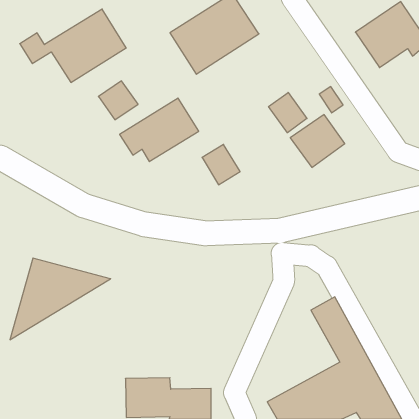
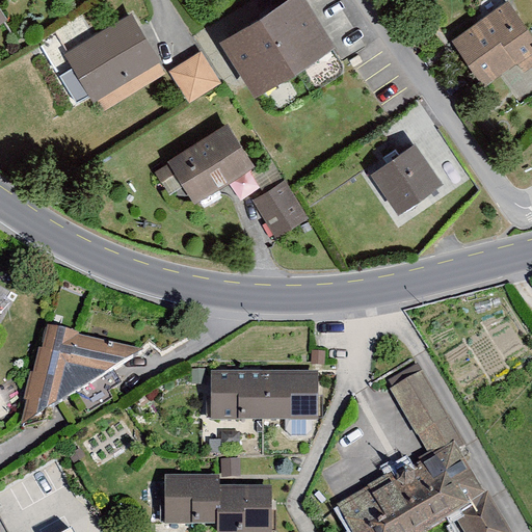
building: [98,81,138,120] -> [171,52,221,101]
building: [269,92,307,133] -> none
building: none -> [210,369,315,420]

